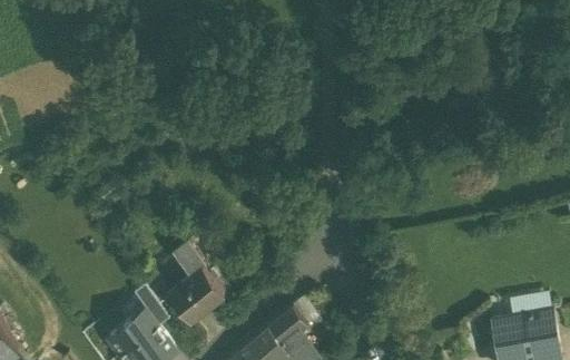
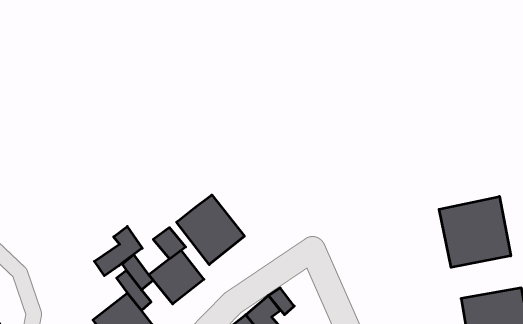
building: none -> [177,195,244,265]
building: none -> [439,196,511,267]
building: none -> [94,226,142,276]

